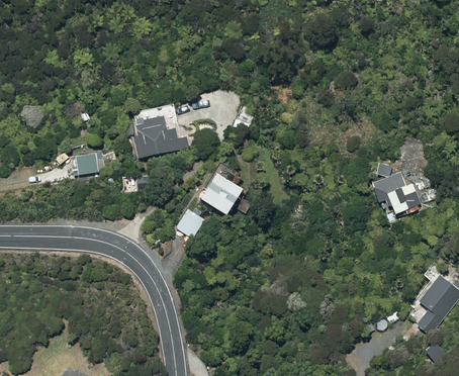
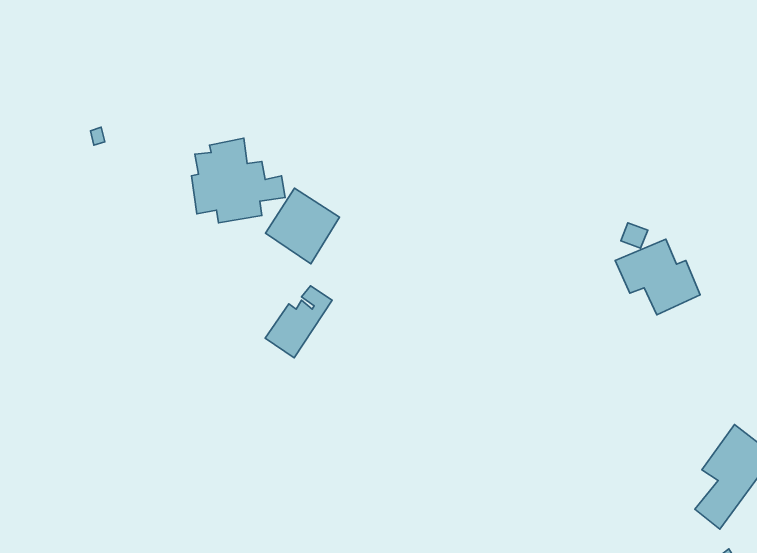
building: [75,153,98,174] -> none
building: [203,170,245,212] -> [266,188,340,264]

